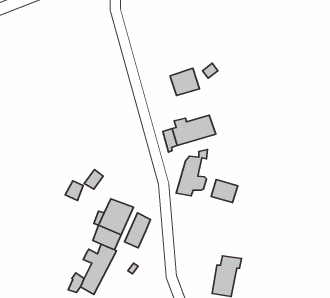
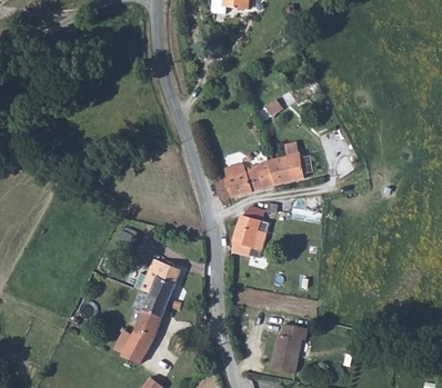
building: [170,68,199,96] -> [269,152,303,185]
building: [211,179,238,202] -> none
building: [125,213,150,248] -> none

